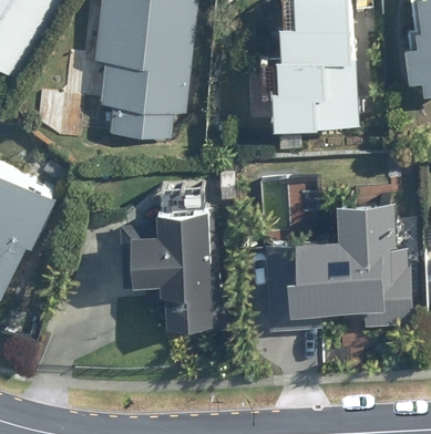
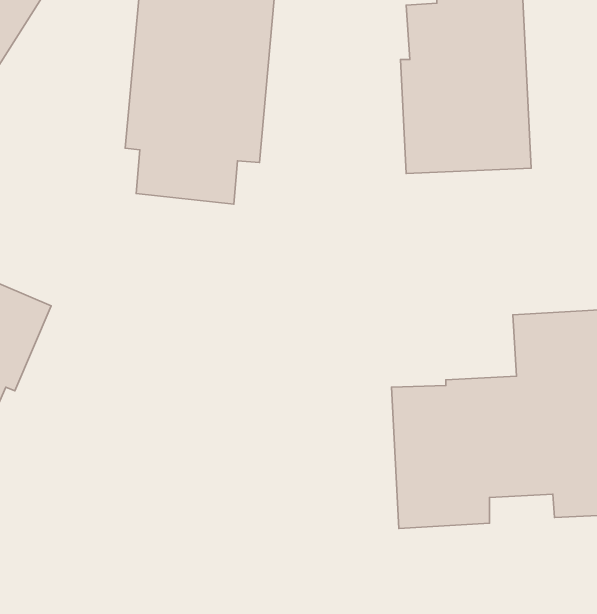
building: [117,207,229,335] -> none

